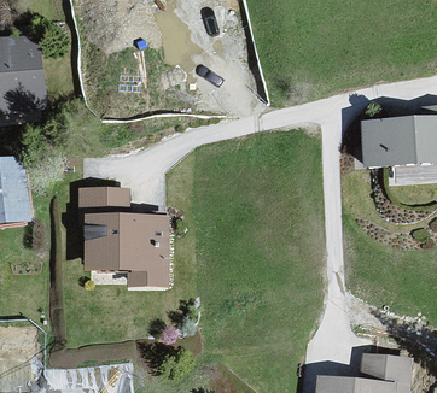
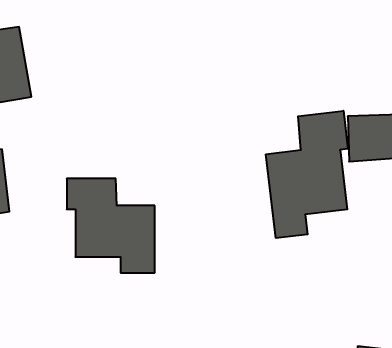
building: none -> [266,111,348,238]

